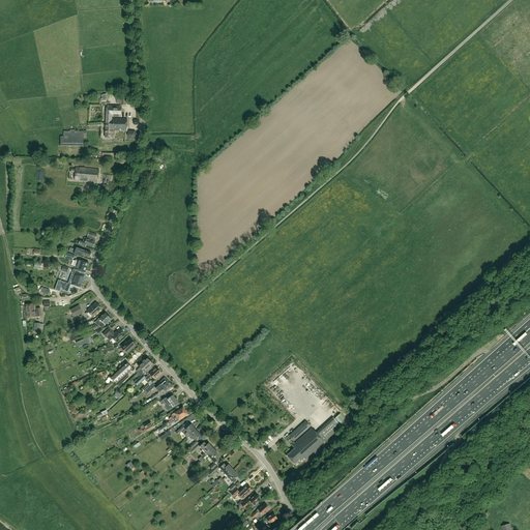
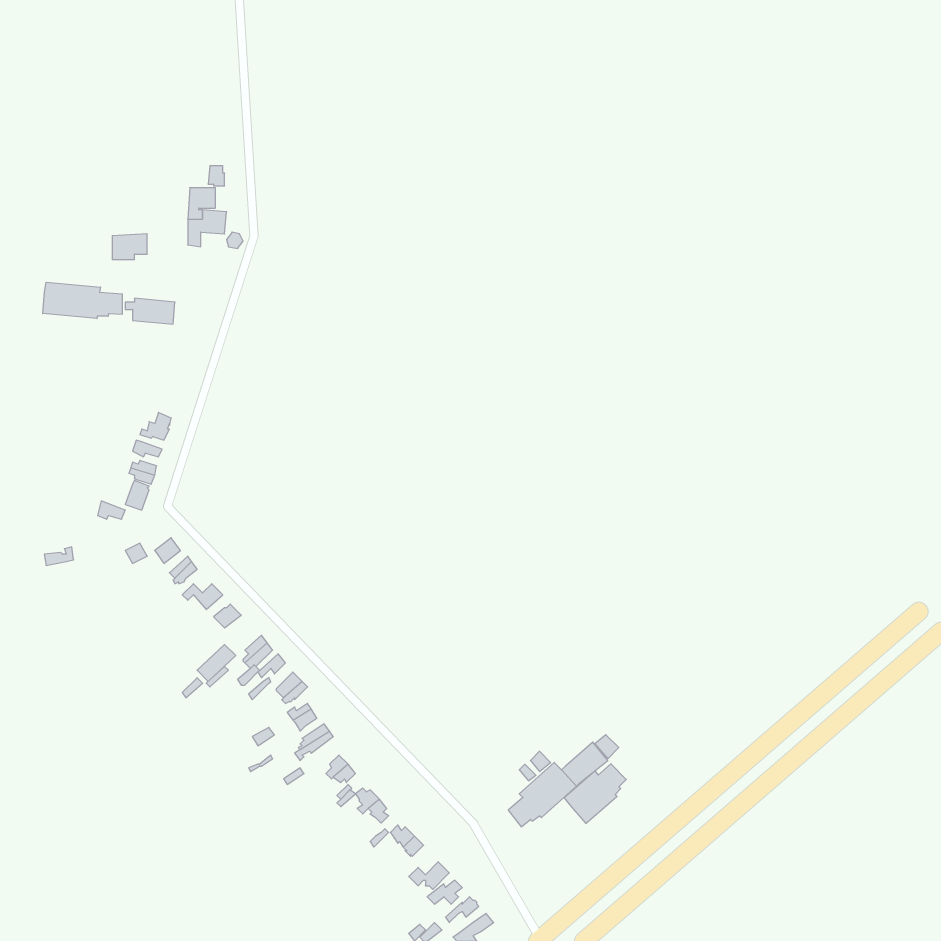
building: none -> [43,282,122,319]
building: none -> [564,764,626,823]

